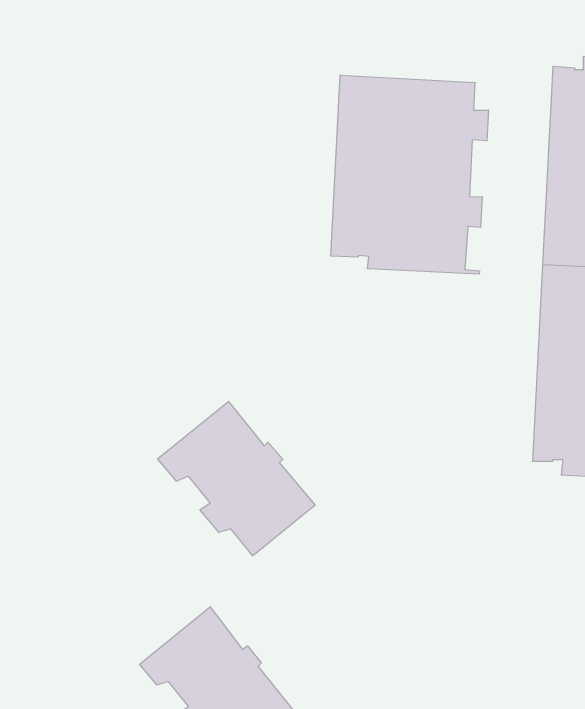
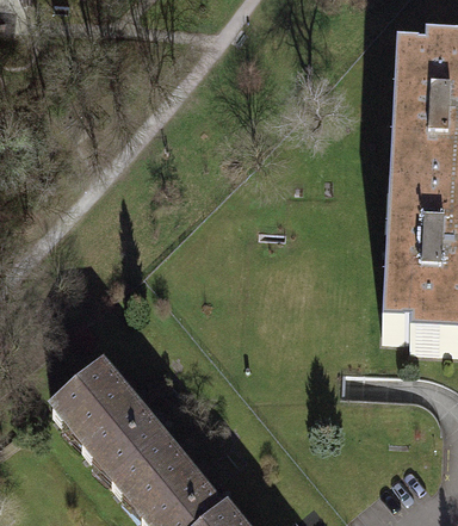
building: [331,75,488,274] -> none
building: [158,402,315,556] -> [51,360,162,469]

